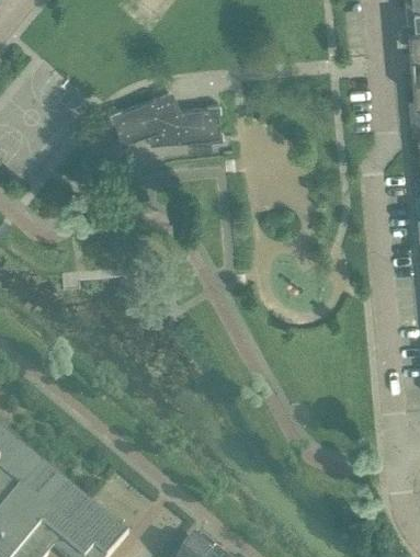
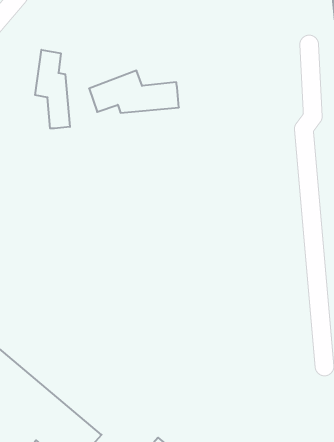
building: none -> [35,50,70,128]

